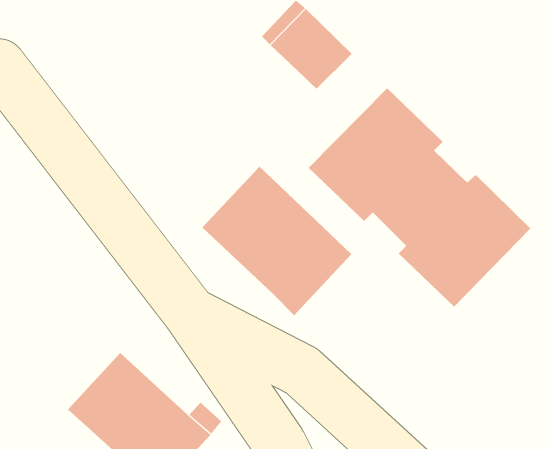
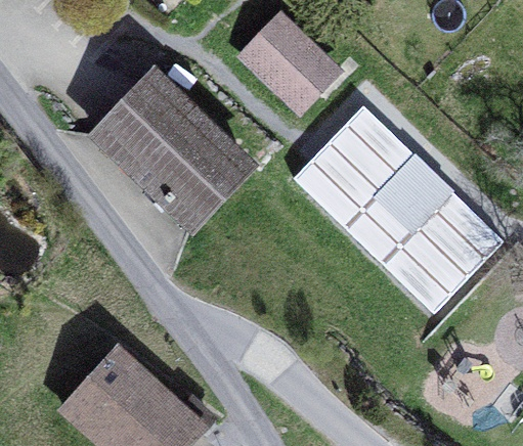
building: none -> [99,77,249,224]
building: [202,166,352,316] -> none

